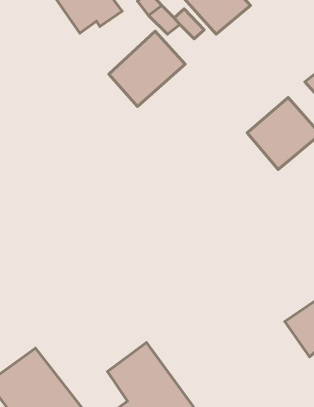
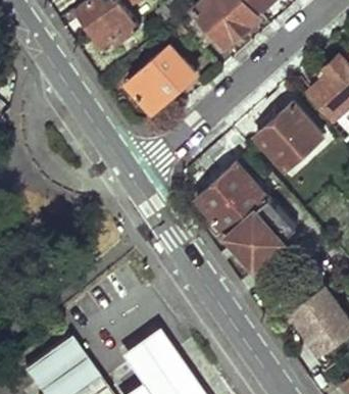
building: none -> [198,165,295,266]

